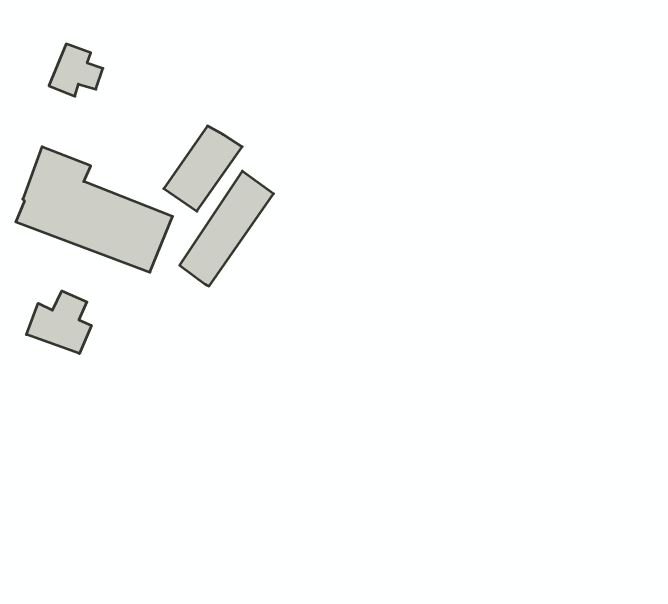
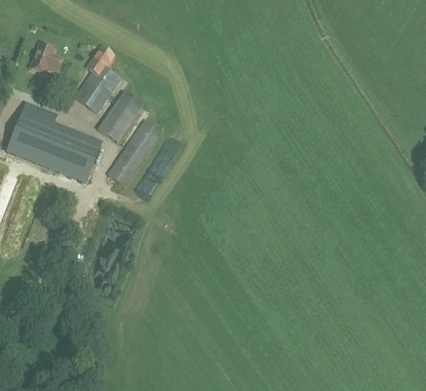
building: none -> [74,46,121,113]
building: [26,291,91,354] -> none

